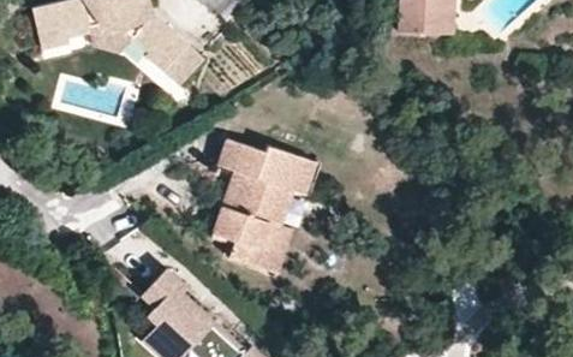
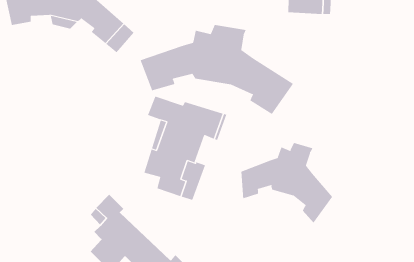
building: none -> [140,24,294,115]
building: none -> [241,142,333,224]

